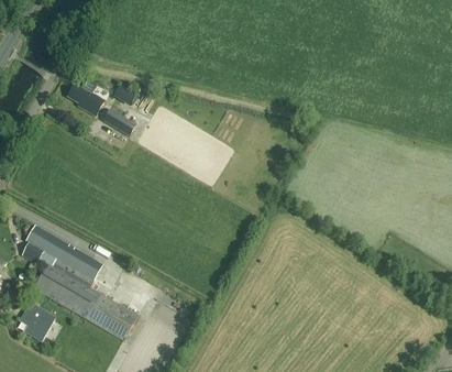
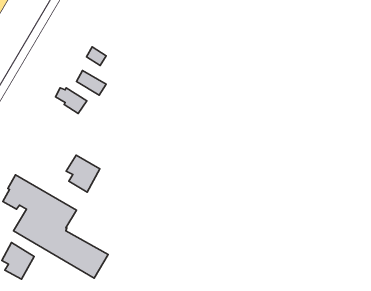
building: [68,86,103,114] -> [55,88,87,113]
building: none -> [66,155,100,192]

